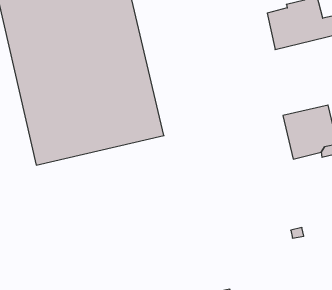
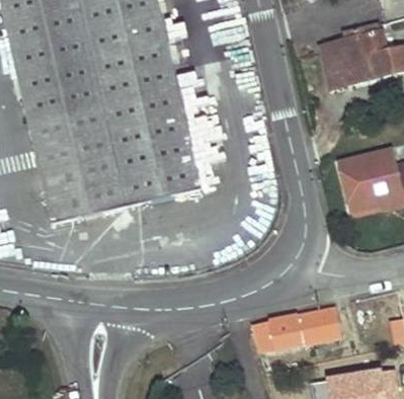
building: none -> [251,306,339,350]

